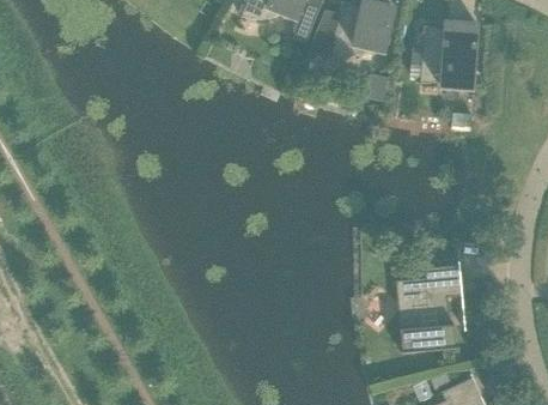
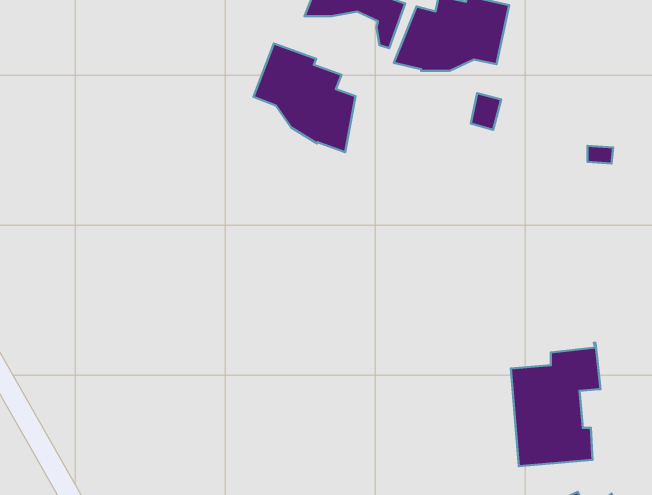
building: [419,20,477,87] -> none
building: none -> [254,43,355,152]

